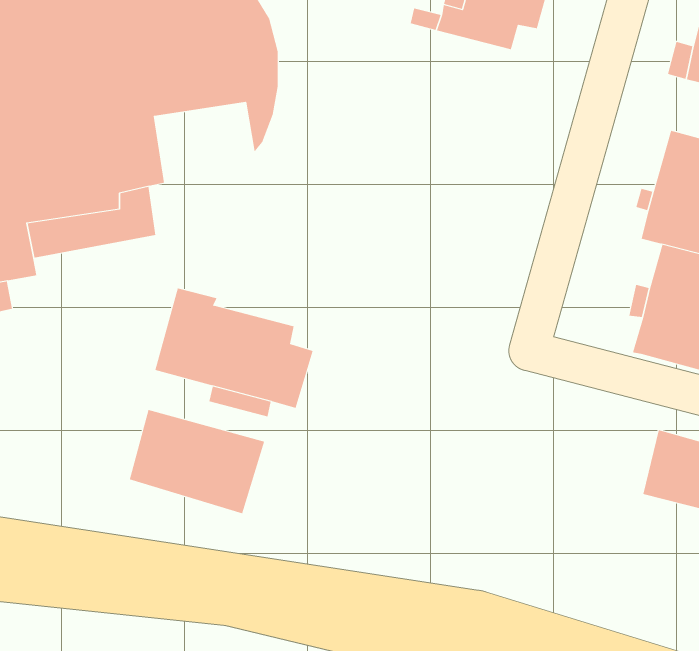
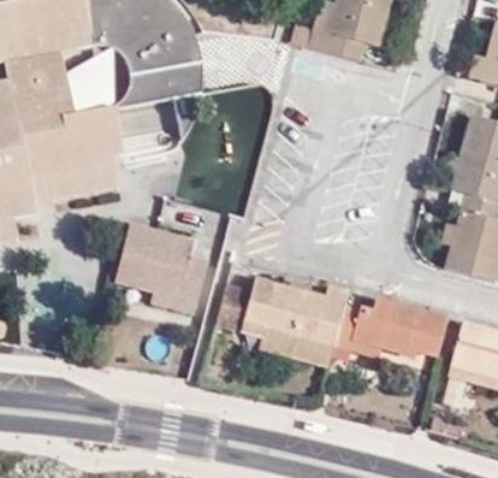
building: none -> [244,278,348,349]
building: none -> [351,299,447,356]
building: [129,409,265,514] -> none

